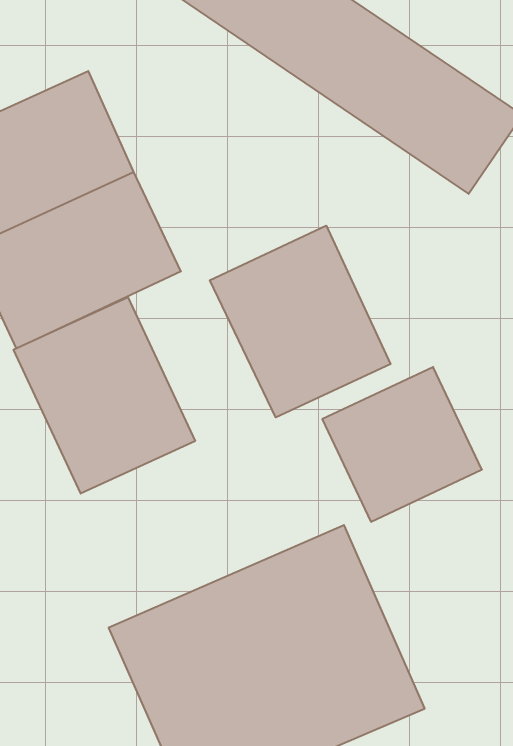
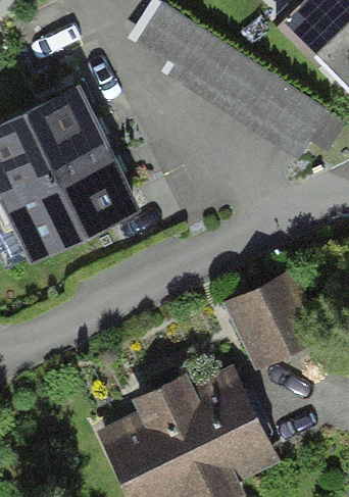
building: [210,226,391,417] -> none
building: [14,297,195,494] -> none

